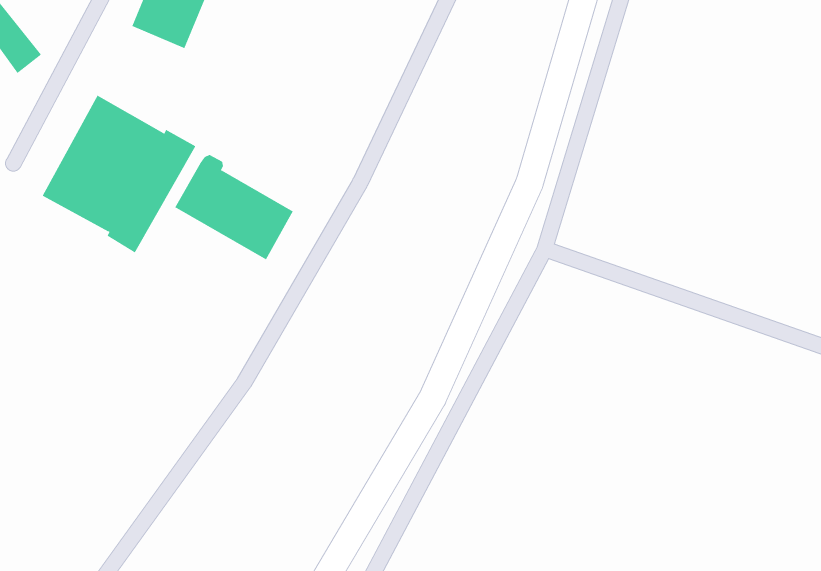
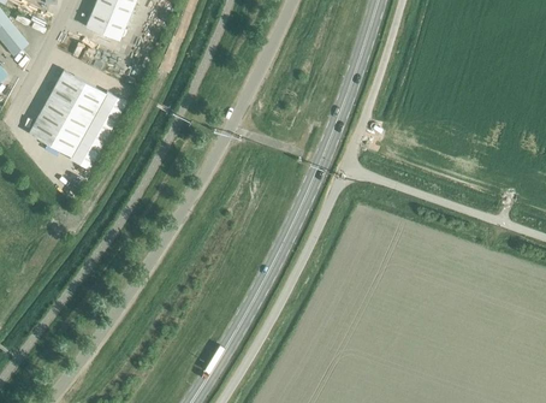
building: [175,154,293,260] -> none

